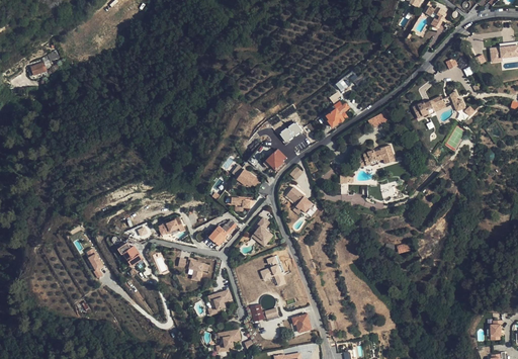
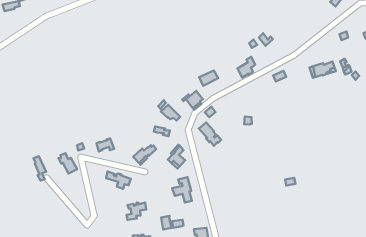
building: [356,145,395,167] -> none

